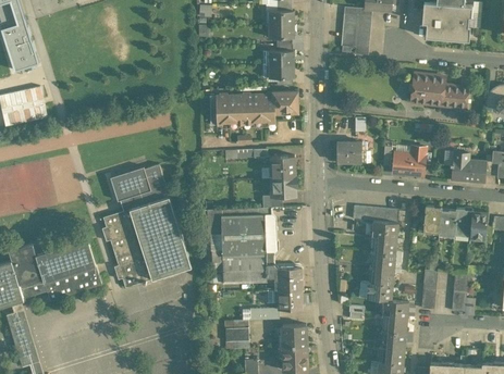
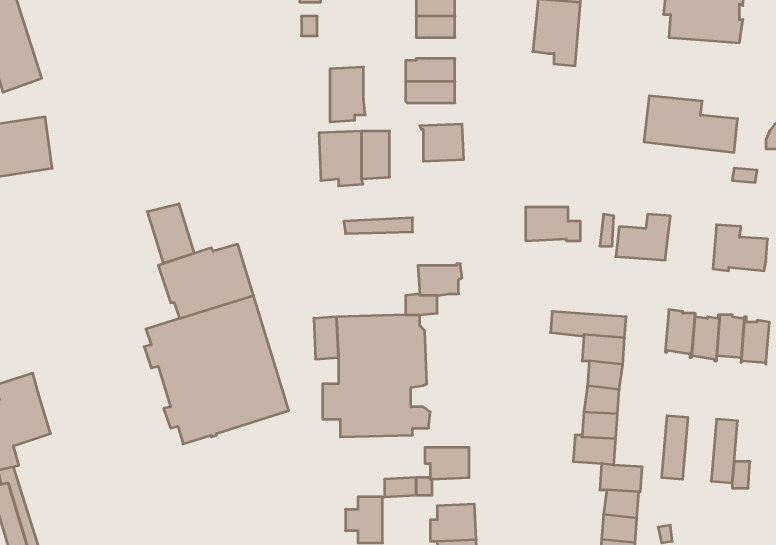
building: [253,94,274,127] -> [330,67,365,122]
building: none -> [147,204,194,263]
building: [270,155,294,177] -> none
building: [36,239,101,300] -> none
building: [274,265,302,289] -> none

